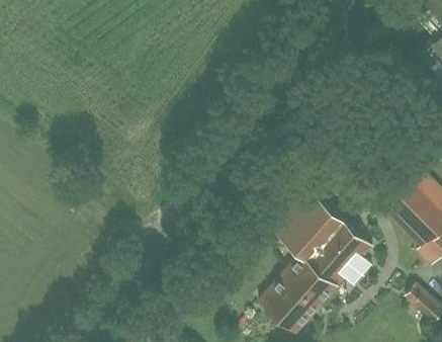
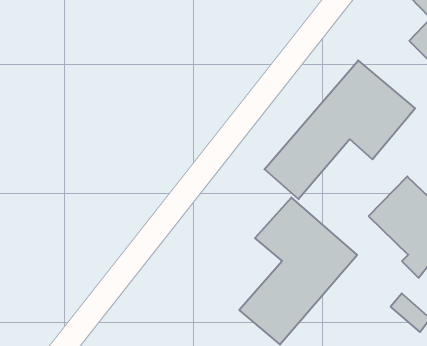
building: none -> [264,60,415,199]

